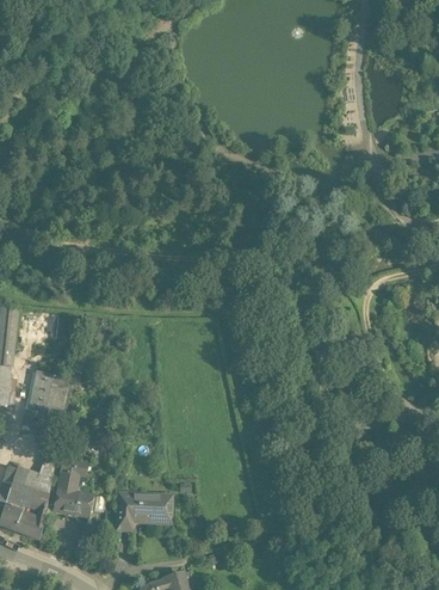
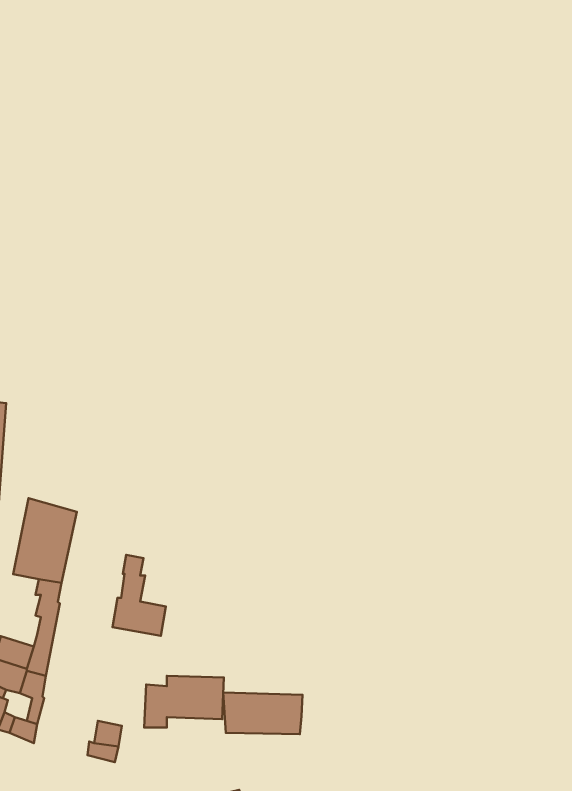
building: [54,460,91,516] -> [112,555,166,636]
building: none -> [223,693,302,734]

